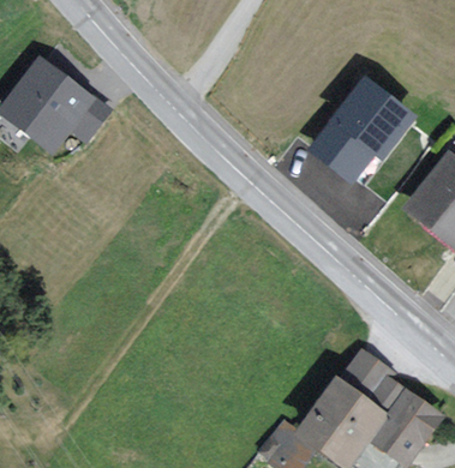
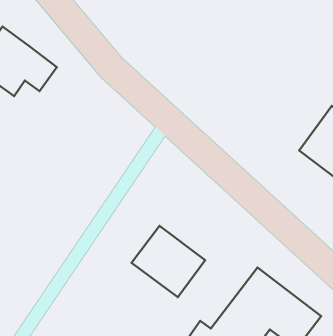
building: [311,80,411,179] -> none
building: none -> [131,226,205,297]

